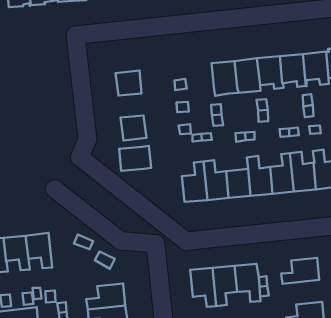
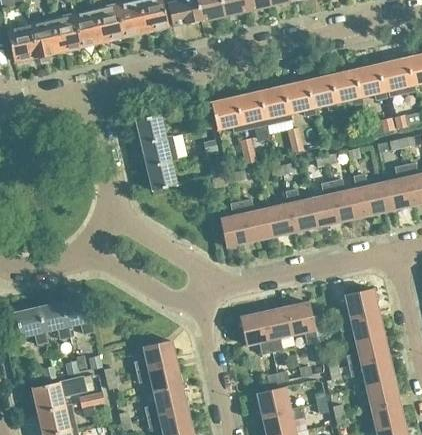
building: none -> [211,96,243,132]
building: [119,146,151,171] -> [141,135,177,165]
building: none -> [338,311,382,340]

